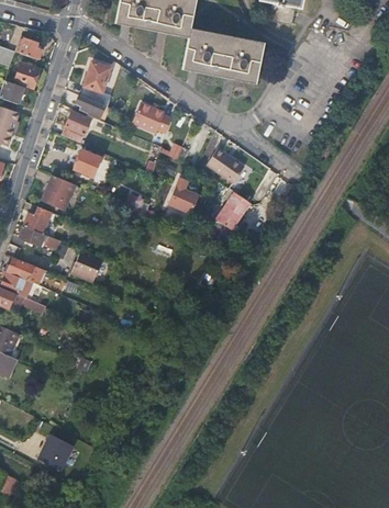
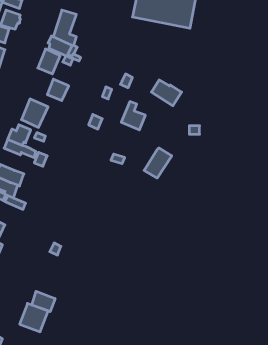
building: [135,102,173,131] -> none
building: [218,191,253,229] -> [144,148,172,178]
building: [70,248,102,281] -> none
building: none -> [32,291,55,312]

